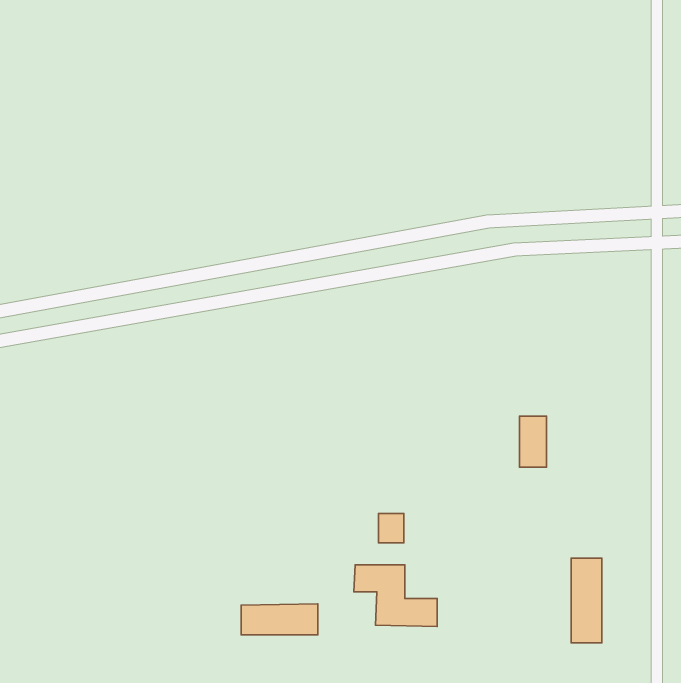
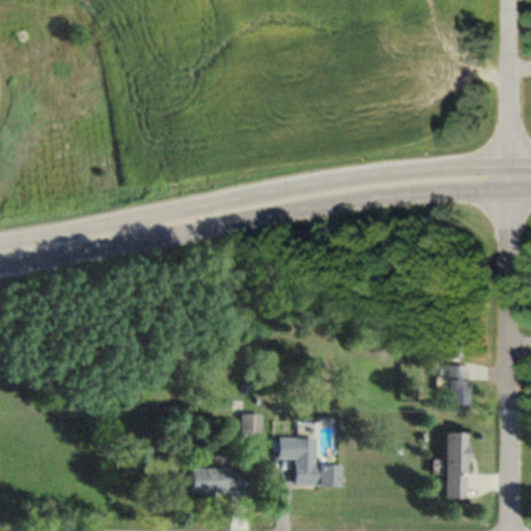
building: [520,416,546,467] -> [449,365,470,404]
building: [378,513,404,543] -> [242,415,261,438]

